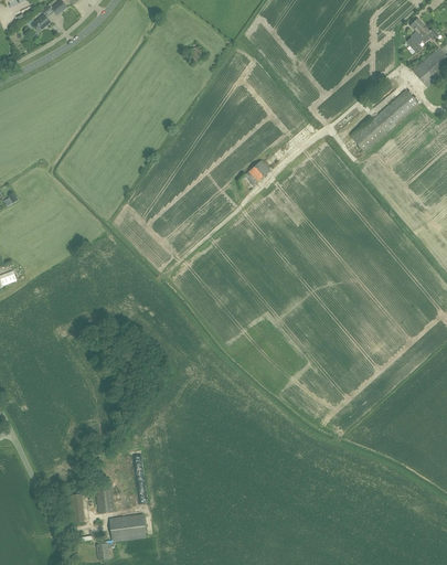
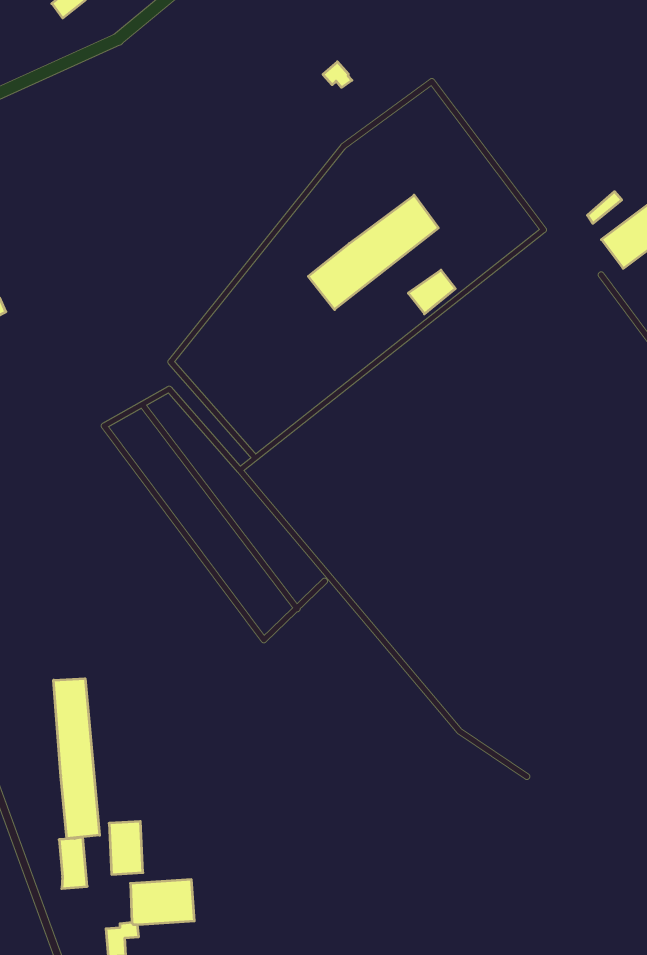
building: none -> [308,195,438,310]
building: none -> [54,679,100,838]

